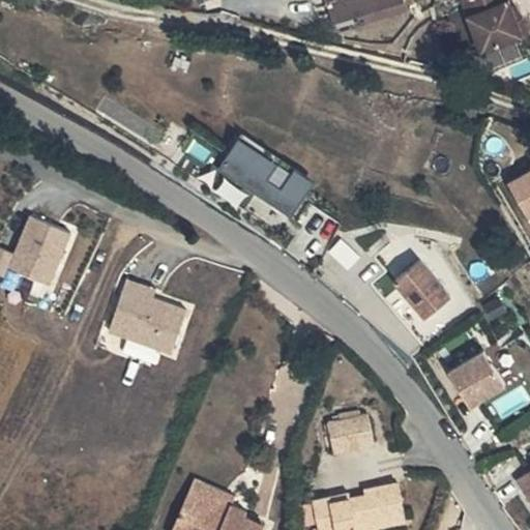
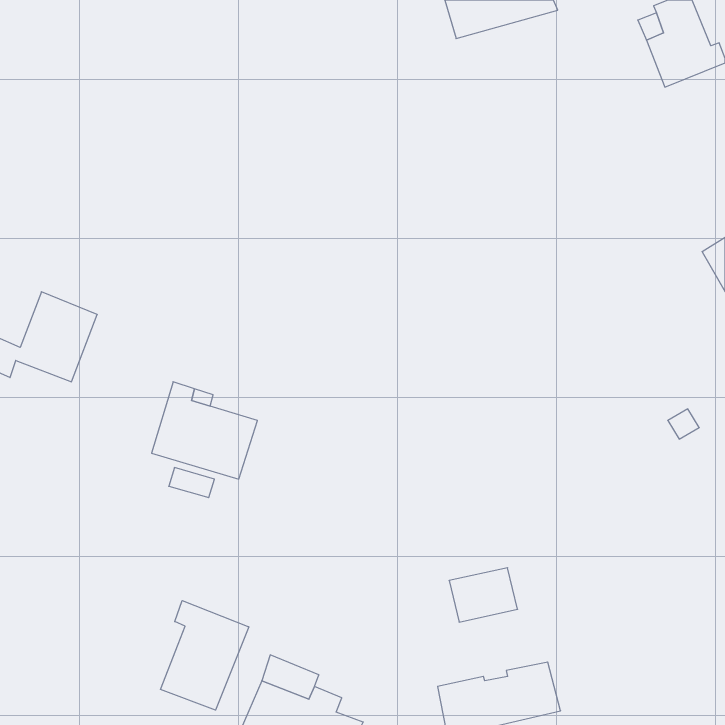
building: [220,141,313,217] -> none
building: [394,262,448,318] -> none
building: [448,351,504,406] -> none
building: none -> [160,601,249,710]

